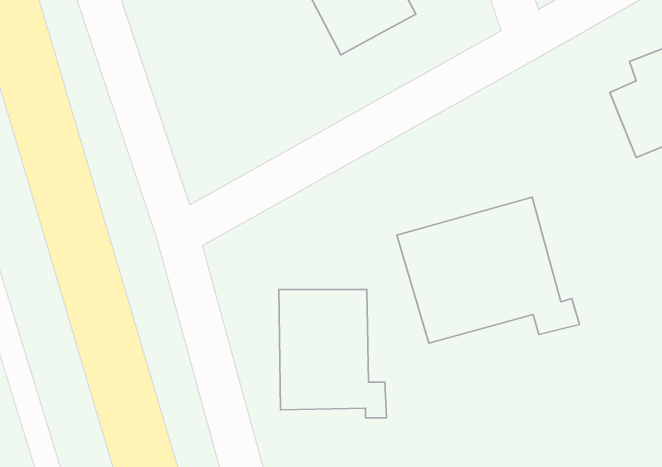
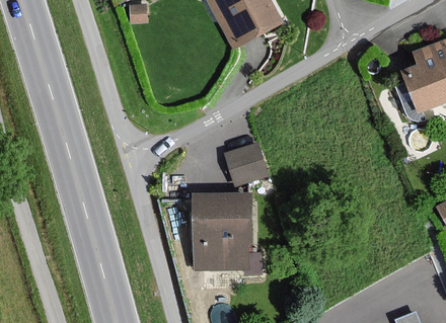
building: [397,197,580,343] -> none
building: none -> [225,144,267,184]

